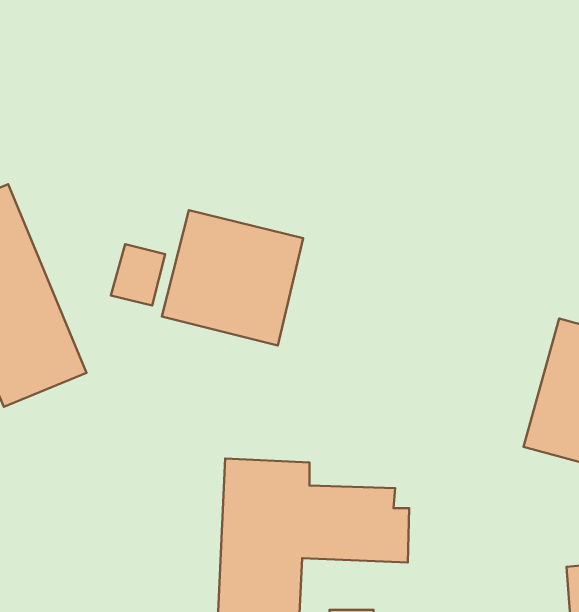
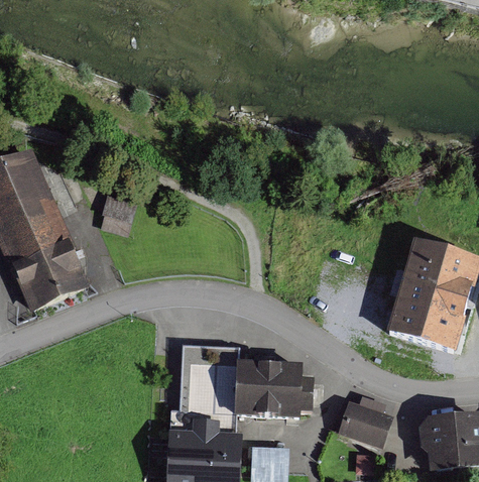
building: [162,210,303,346] -> none
building: none -> [340,398,391,444]

